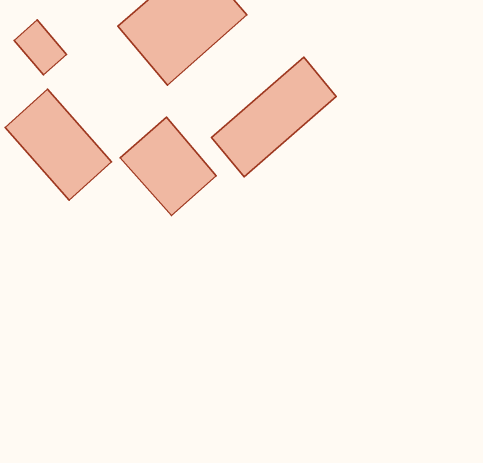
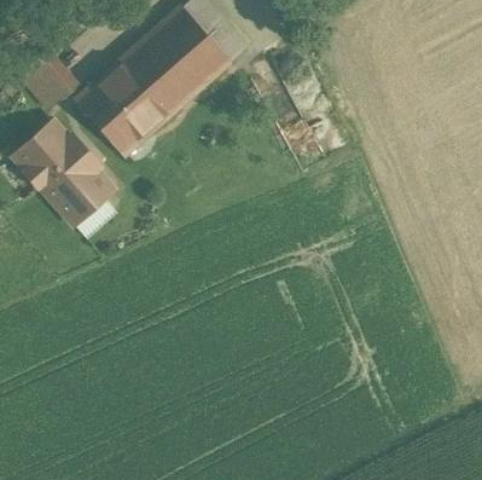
building: [212,57,336,177] -> none
building: [120,117,216,216] -> [76,60,167,154]

